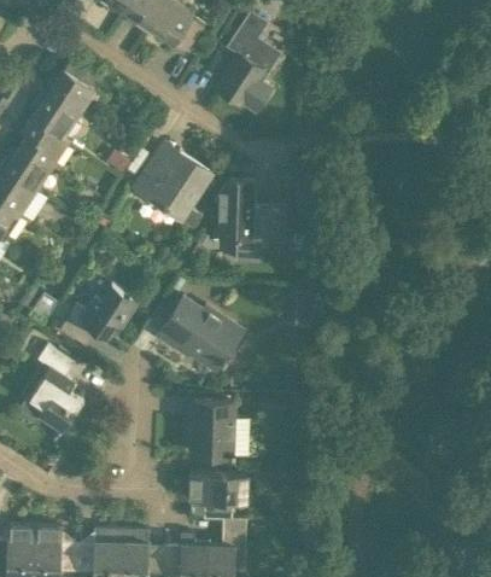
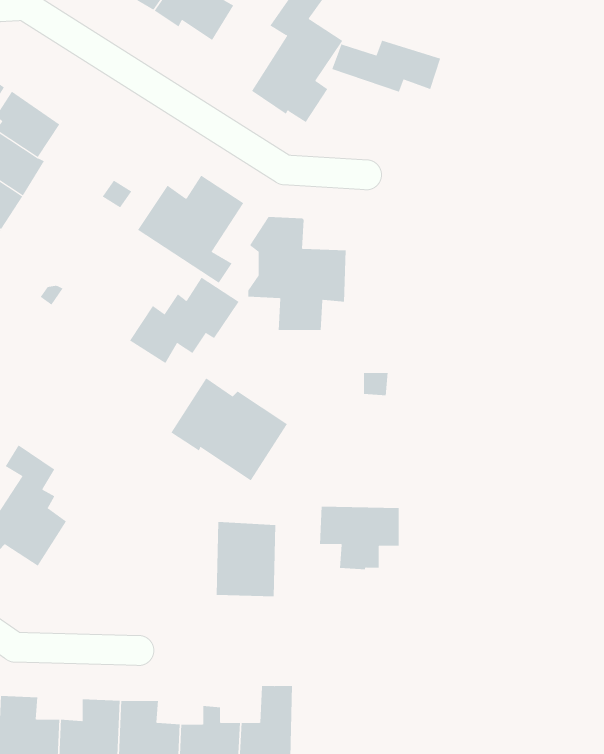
building: none -> [331,40,441,92]
building: [43,69,95,115] -> none
building: [60,285,140,348] -> [129,277,240,364]
building: [189,474,247,520] -> [319,506,399,570]

